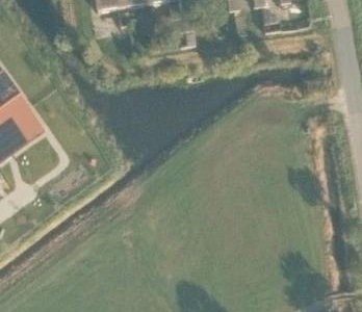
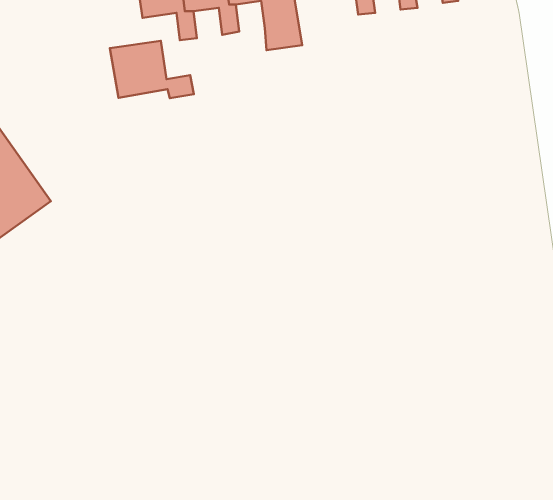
building: none -> [110,41,194,98]

